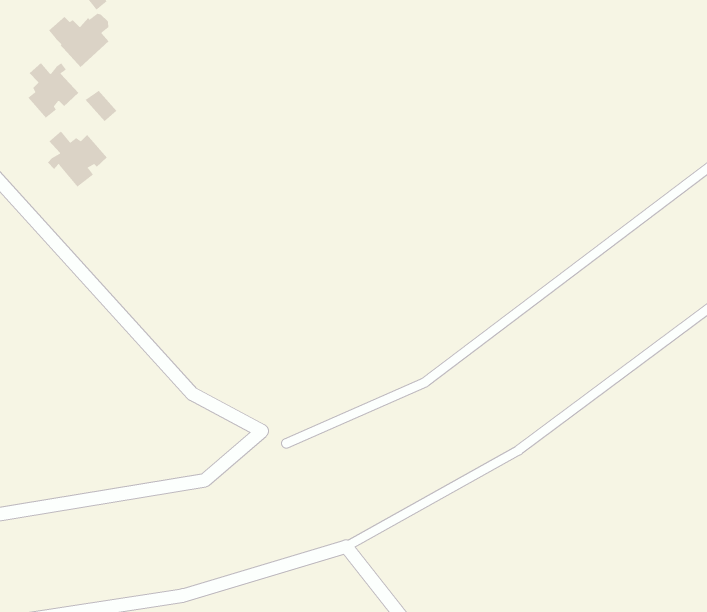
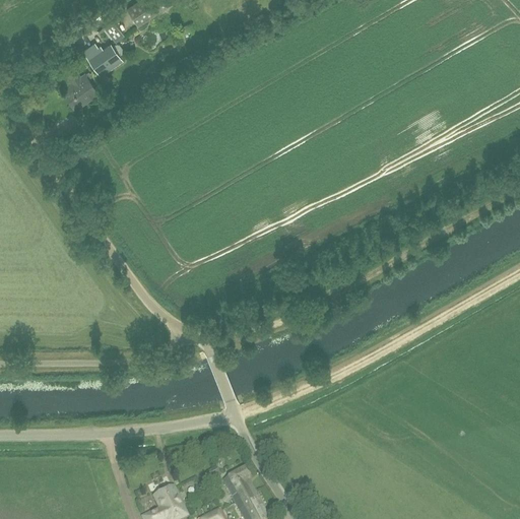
building: [47,130,108,188] -> none

